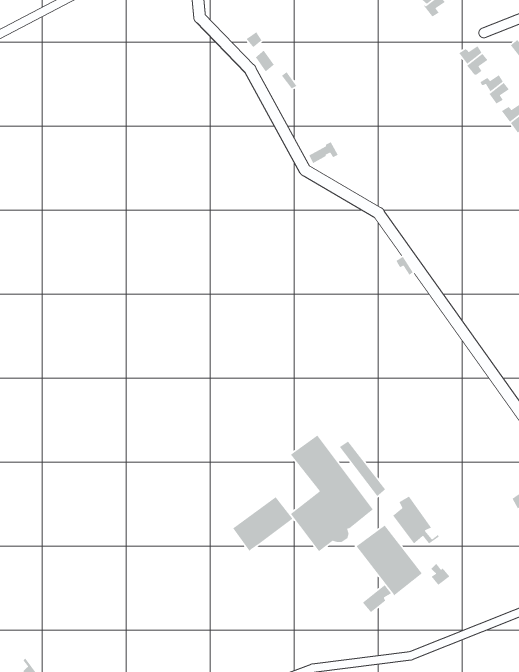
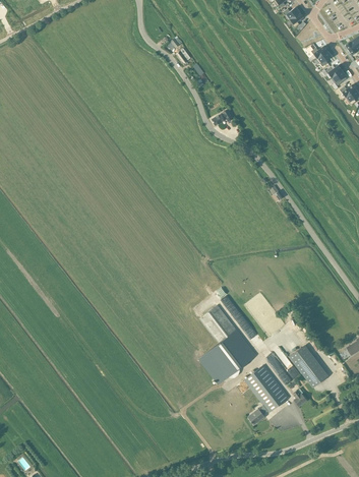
building: [232,496,294,552] -> none
building: none -> [289,347,324,386]

